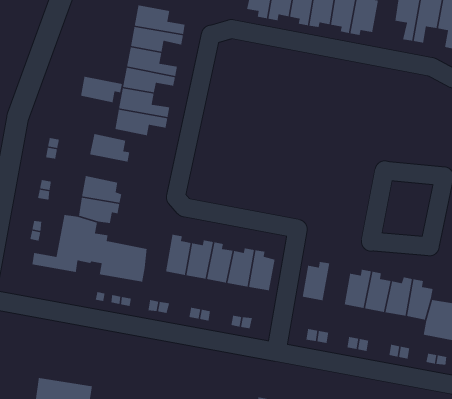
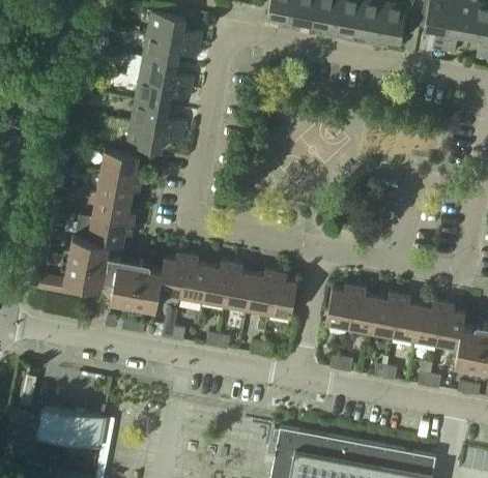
building: [80,76,123,103] -> [95,172,141,201]
building: none -> [160,253,188,296]
building: none -> [348,287,376,331]

